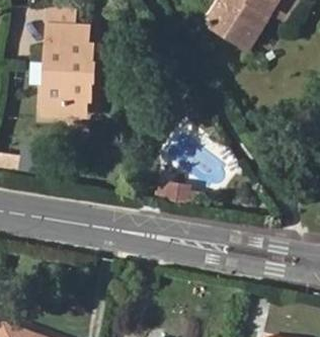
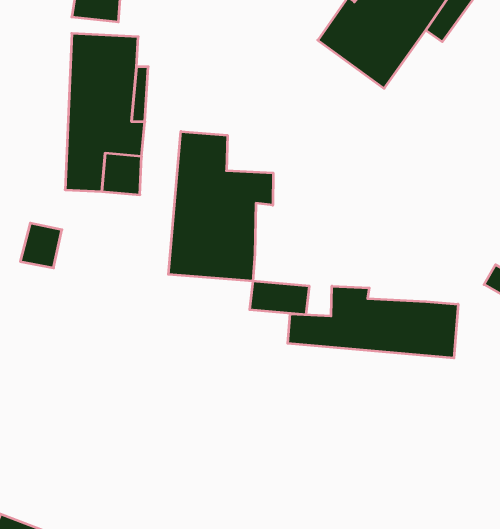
building: none -> [168,131,273,281]
building: none -> [288,286,458,358]

